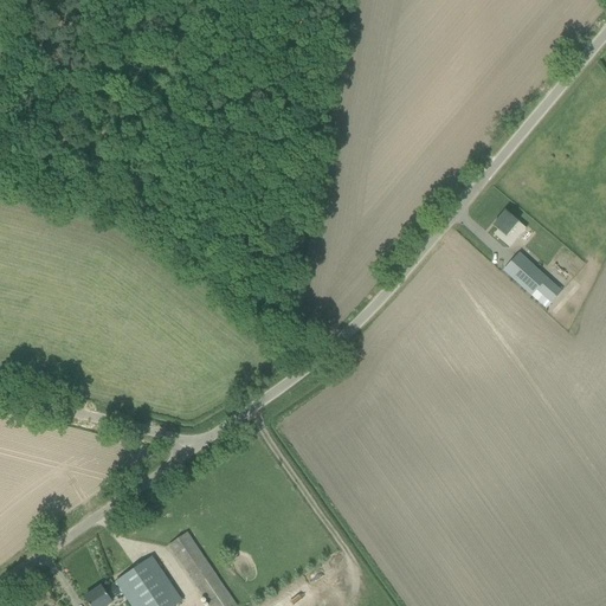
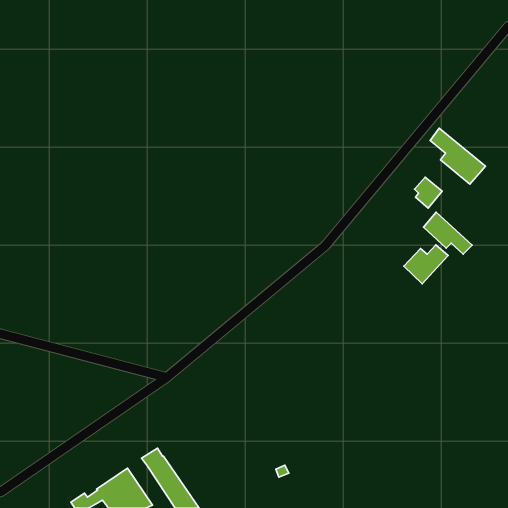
building: none -> [430,128,485,184]
building: none -> [404,245,448,284]

